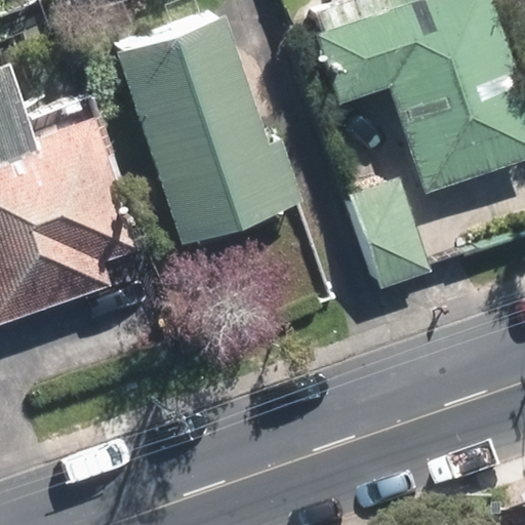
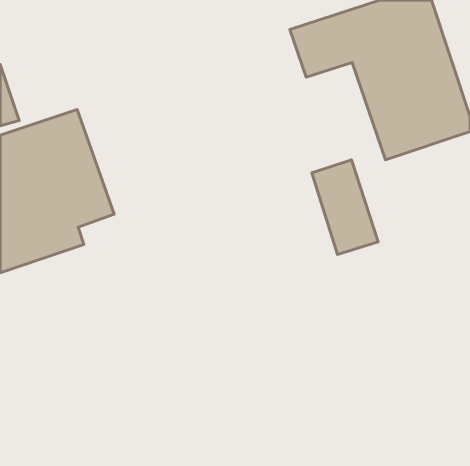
building: [121,24,293,238] -> none

